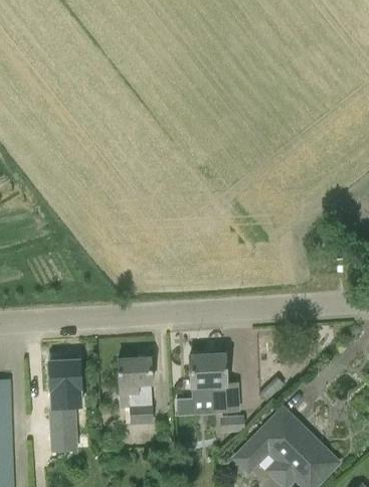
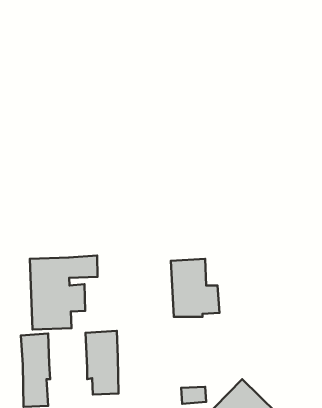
building: none -> [30,256,97,329]
building: [188,353,239,415] -> [171,259,219,317]

